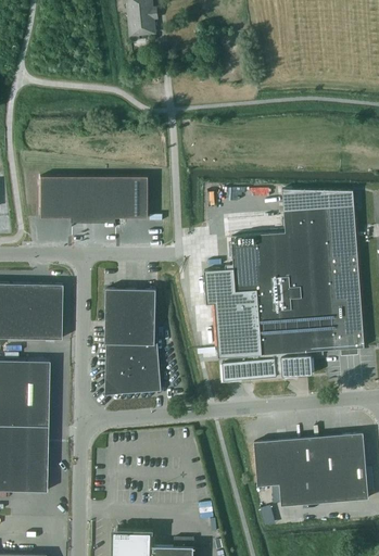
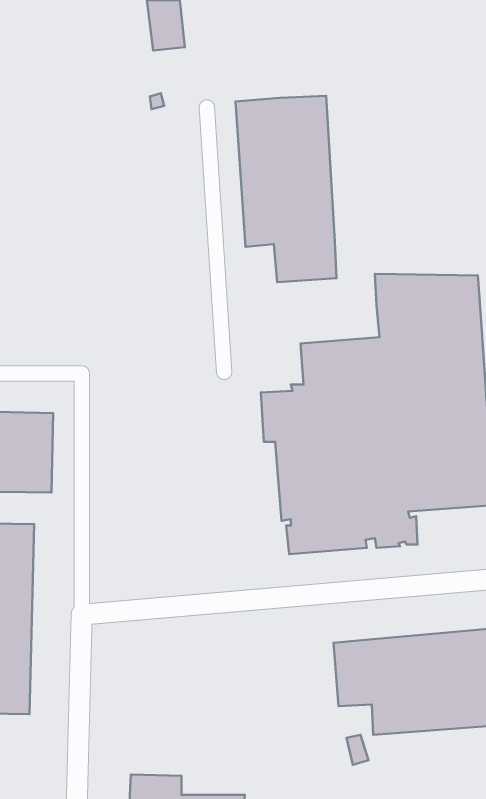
building: none -> [236,96,337,282]
building: [39,177,148,224] -> none
building: [105,290,157,392] -> none

